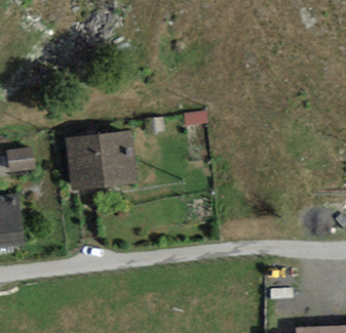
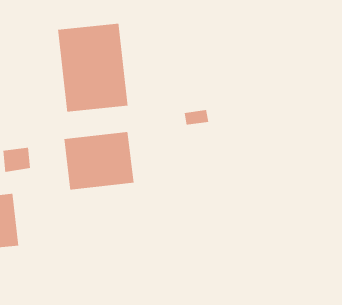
building: none -> [58,23,128,113]

